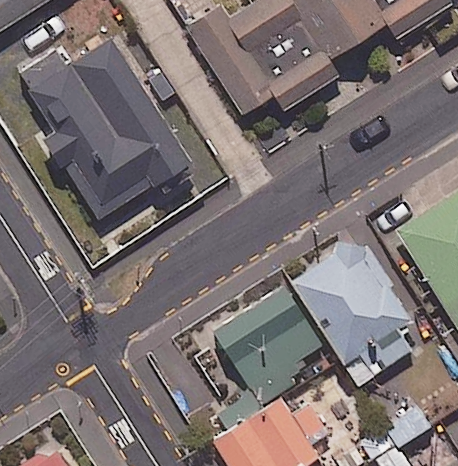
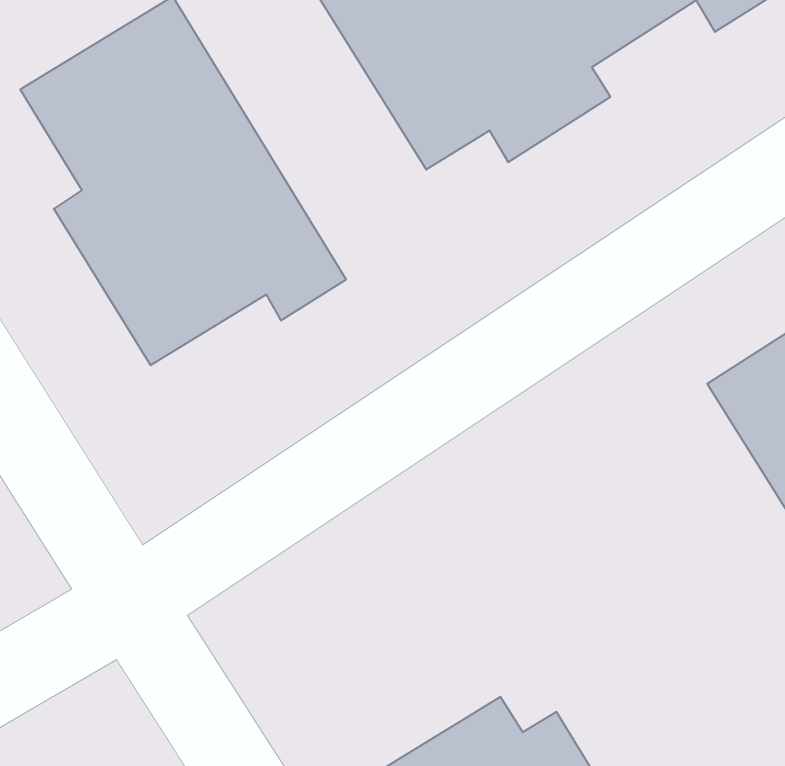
building: [290,237,410,385] -> none
building: [213,286,321,403] -> none

